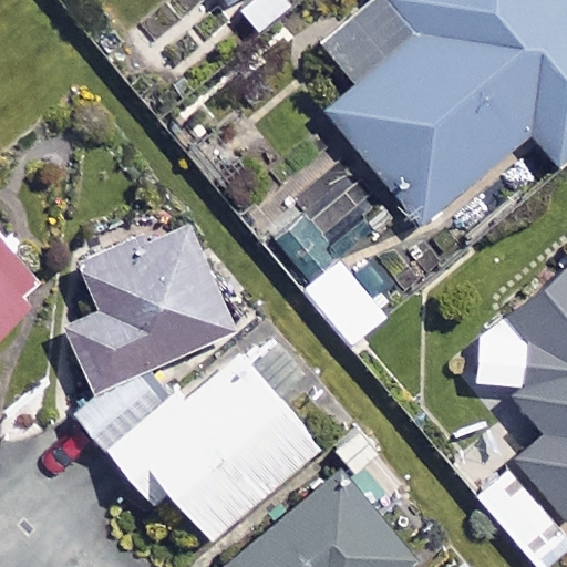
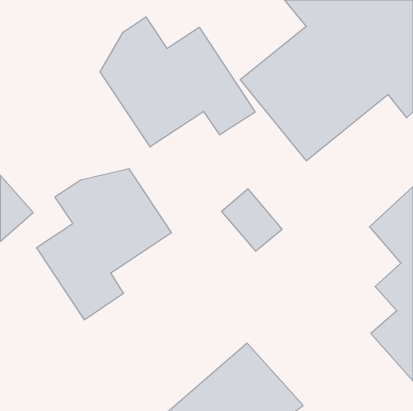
building: none -> [100,17,255,147]
building: [112,351,320,537] -> none

